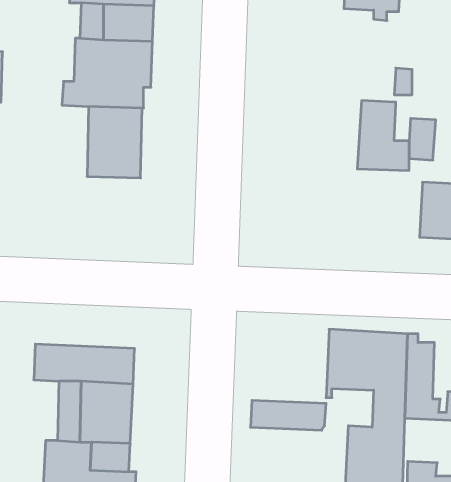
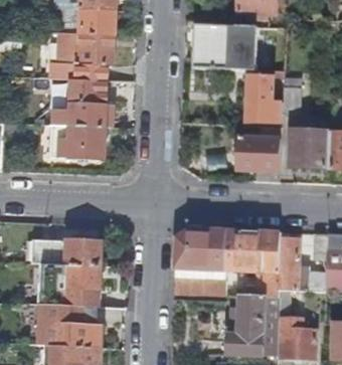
building: none -> [195,22,259,68]
building: none -> [49,124,103,158]
building: none -> [240,135,284,181]
building: none -> [178,227,230,275]

